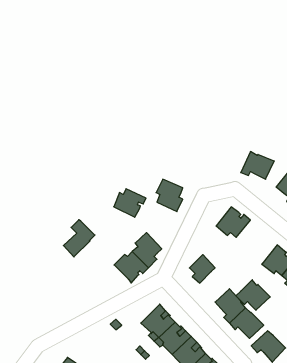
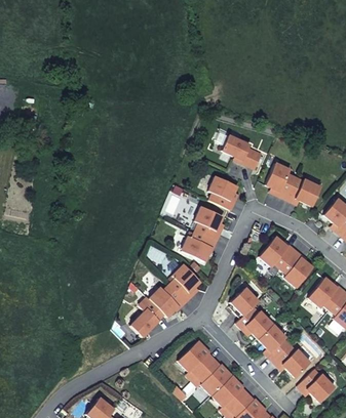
building: none -> [222,135,263,168]
building: none -> [265,162,296,199]
building: none -> [207,175,237,209]
building: [114,189,146,217] -> [182,231,217,261]
building: [63,220,95,257] -> [130,297,164,337]
building: none -> [280,250,313,287]
building: [236,280,270,310] -> [236,305,273,338]

